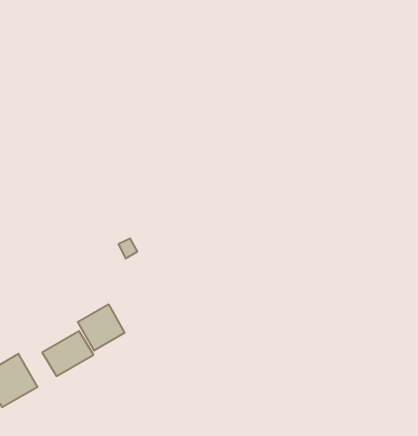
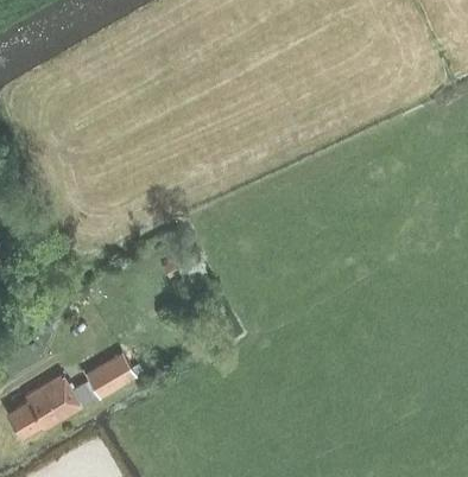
building: [78,304,125,351] -> none

